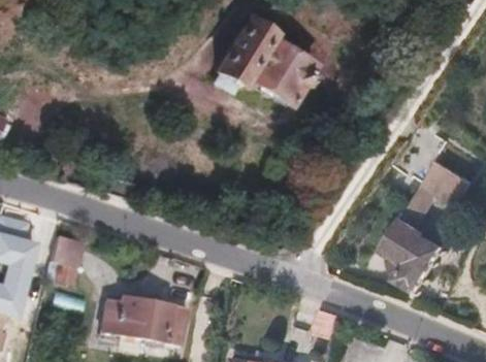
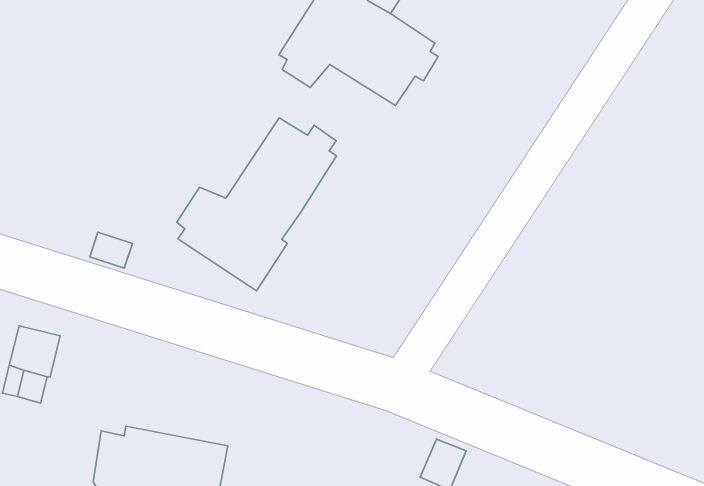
building: none -> [177,118,337,291]
building: [380,159,469,292] -> none

